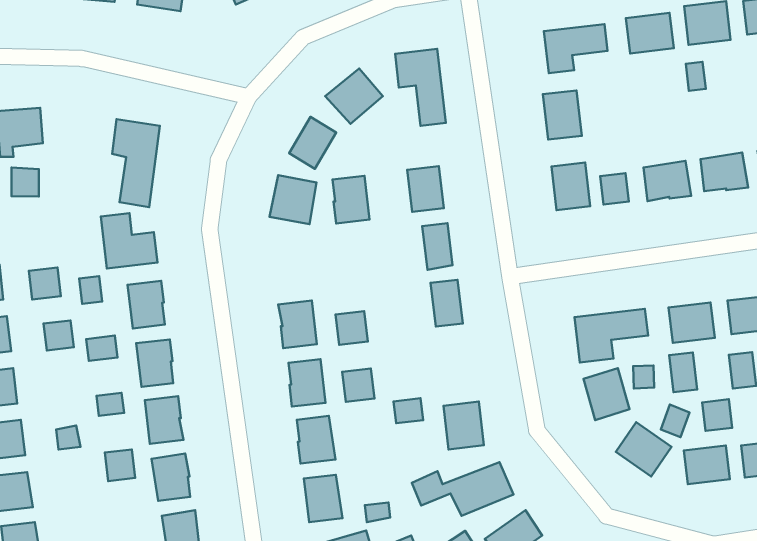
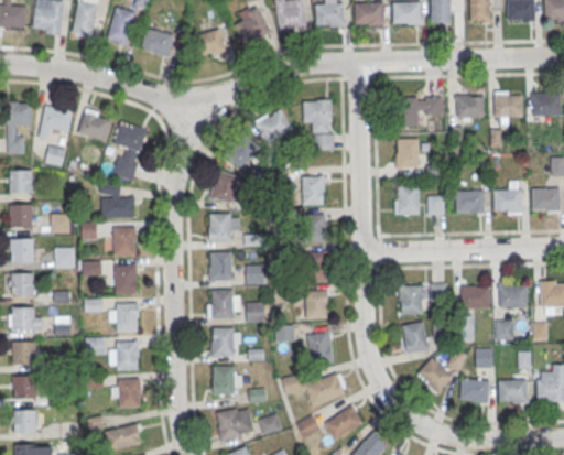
building: none -> [77,109,111,141]
building: [333,176,370,223] -> [208,215,230,243]
building: none -> [306,290,328,318]

